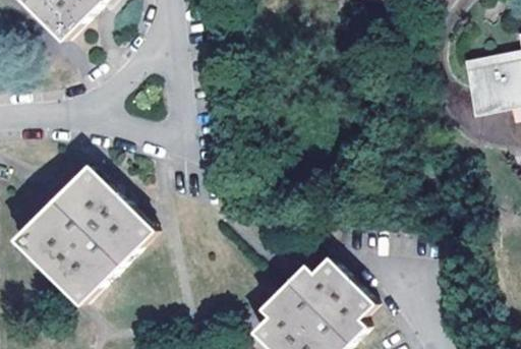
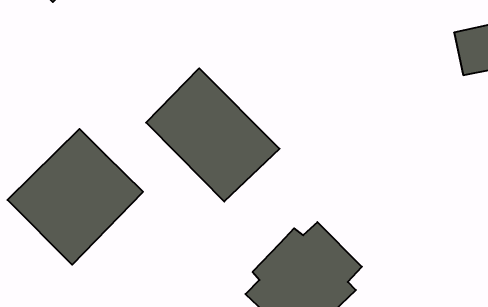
building: none -> [146,68,280,202]

